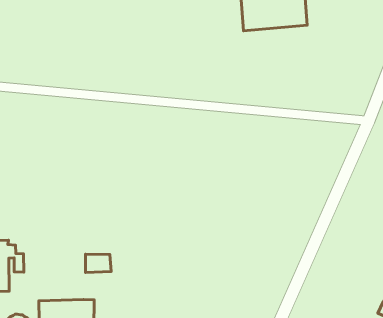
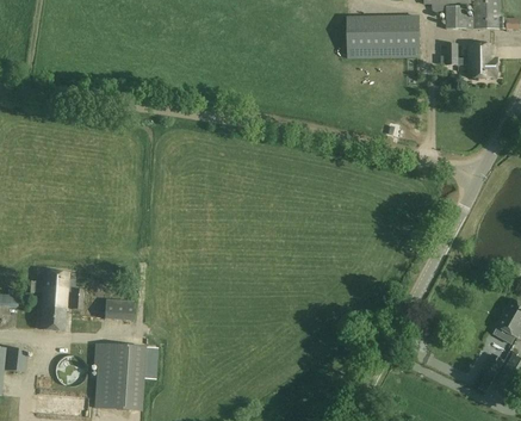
building: none -> [446,43,497,76]
building: [85,254,111,272] -> [104,298,132,320]

